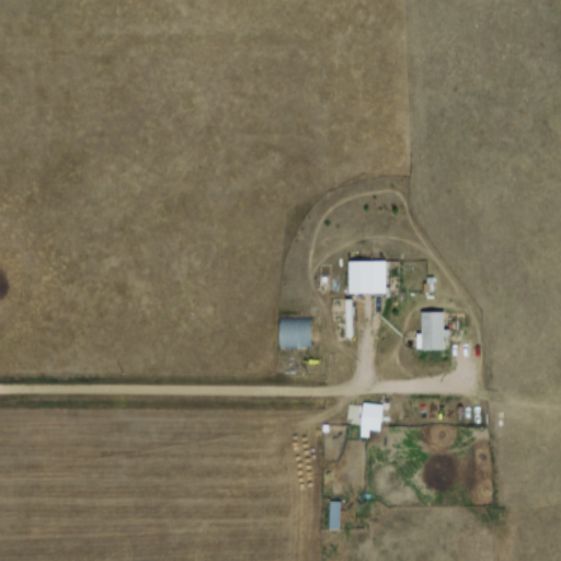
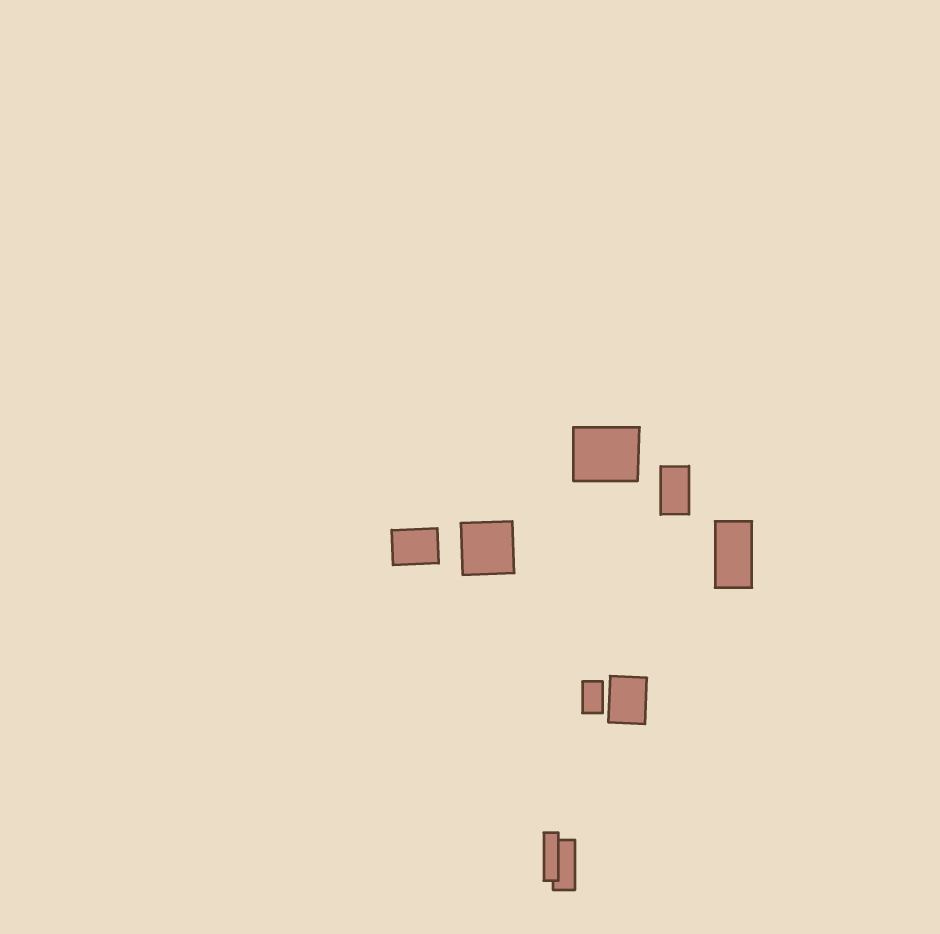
building: none -> [661,466,689,515]
building: none -> [392,528,439,565]

